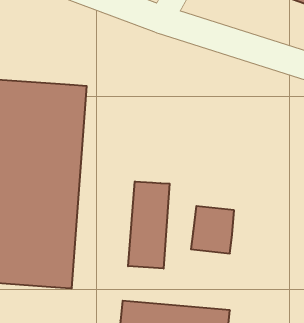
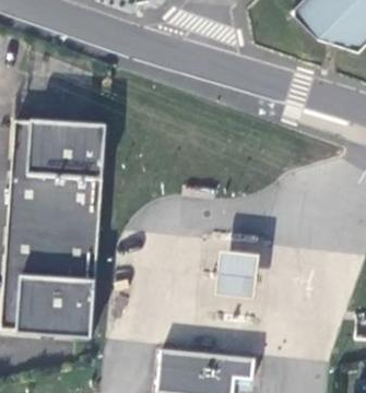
building: [128,181,170,269] -> none

